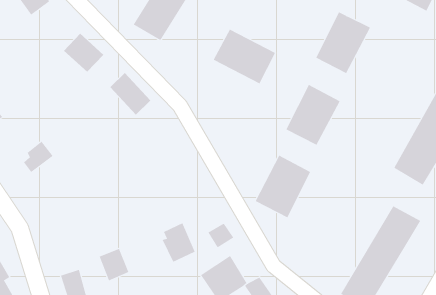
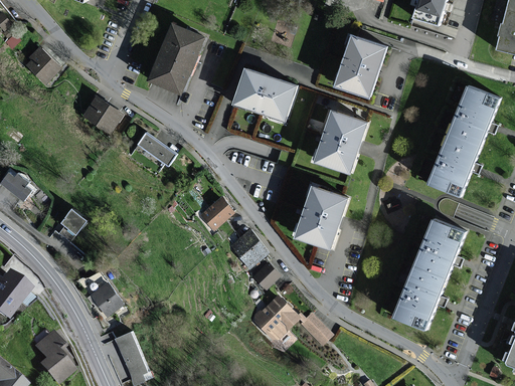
building: none -> [198,195,235,231]
building: [162,223,196,263] -> [233,227,269,268]
building: [99,248,129,281] -> [92,283,124,318]

